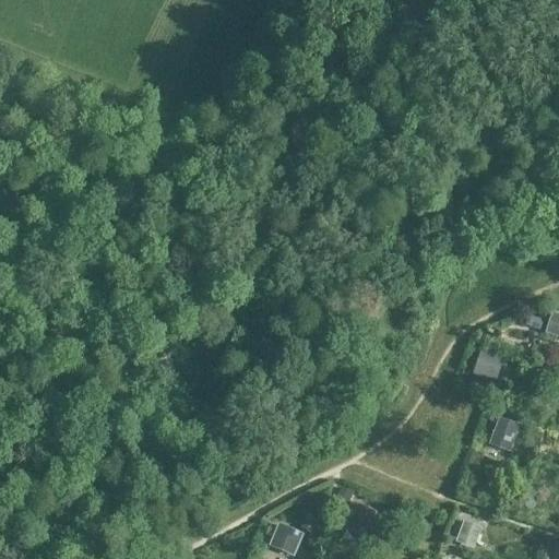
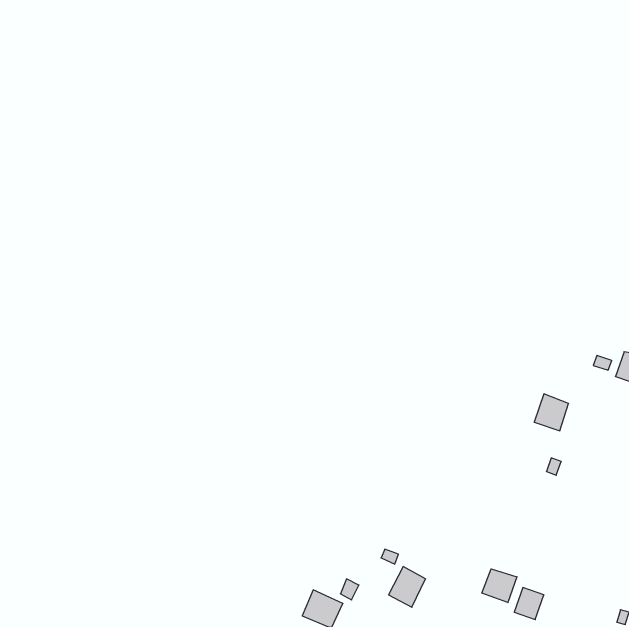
building: [489,417,521,451] -> none
building: none -> [482,569,517,603]

